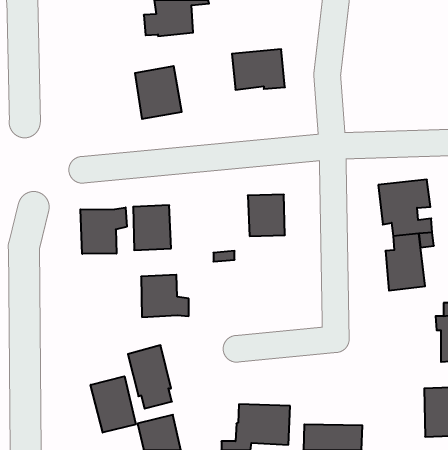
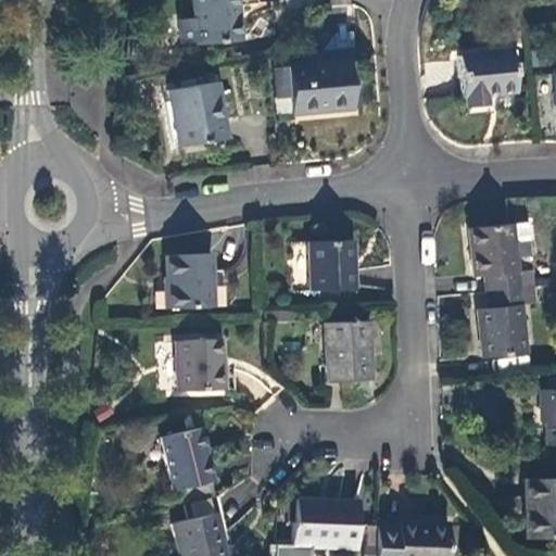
building: none -> [459,50,517,108]
building: [80,207,127,254] -> none
building: none -> [325,323,370,381]
building: [91,376,136,433] -> none

